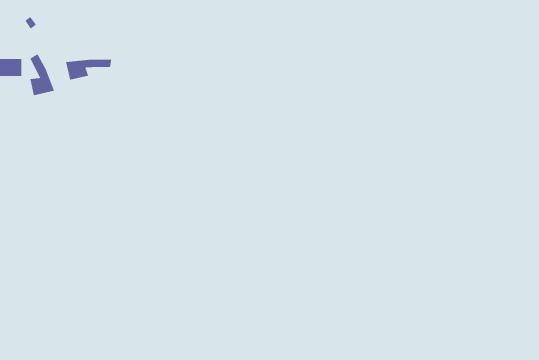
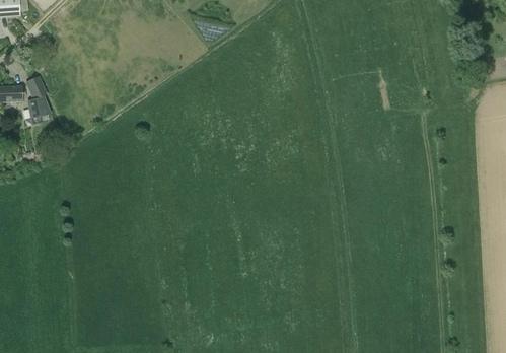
building: [66,59,112,81] -> none

